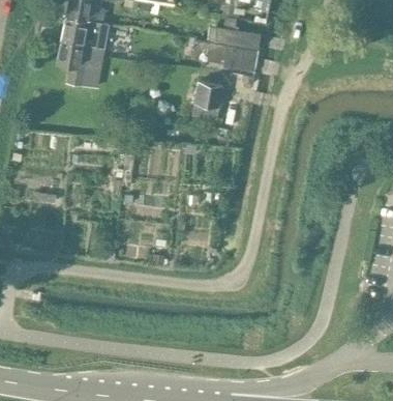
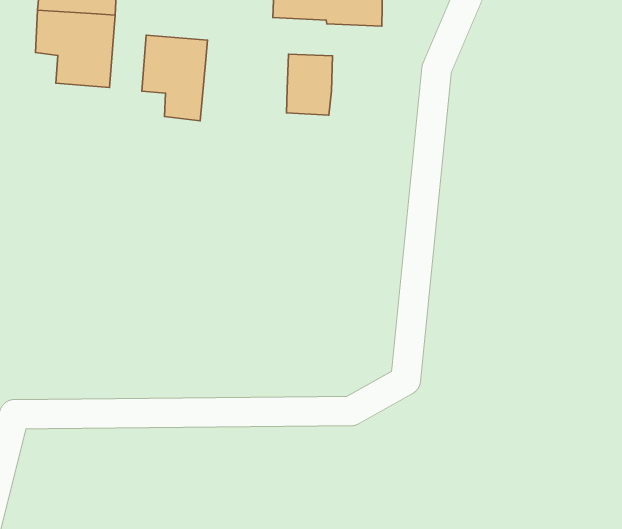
building: none -> [142,35,208,121]

